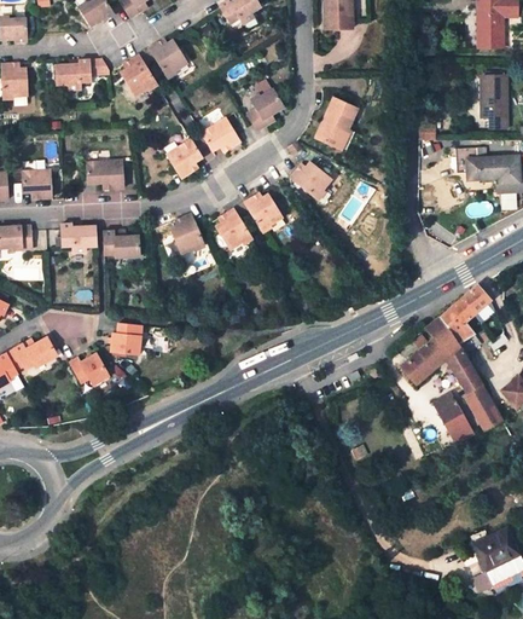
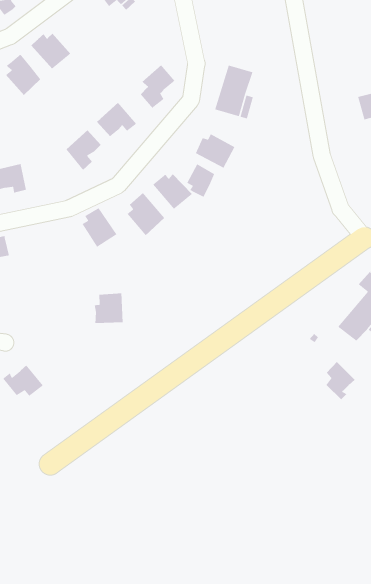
building: none -> [186,163,215,198]
building: [104,230,140,258] -> none
building: [111,323,143,354] -> [94,293,123,324]
building: none -> [325,361,356,400]

